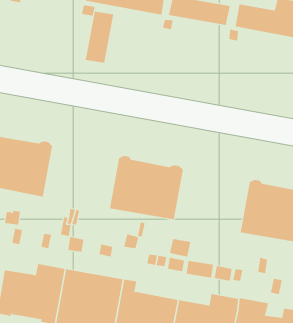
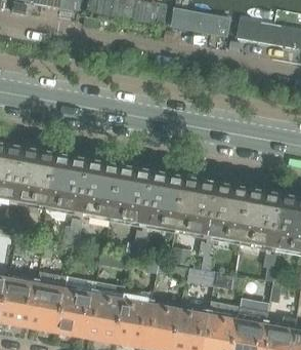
building: [85,11,114,64] -> none
building: none -> [46,154,120,218]
building: none -> [175,177,249,257]

